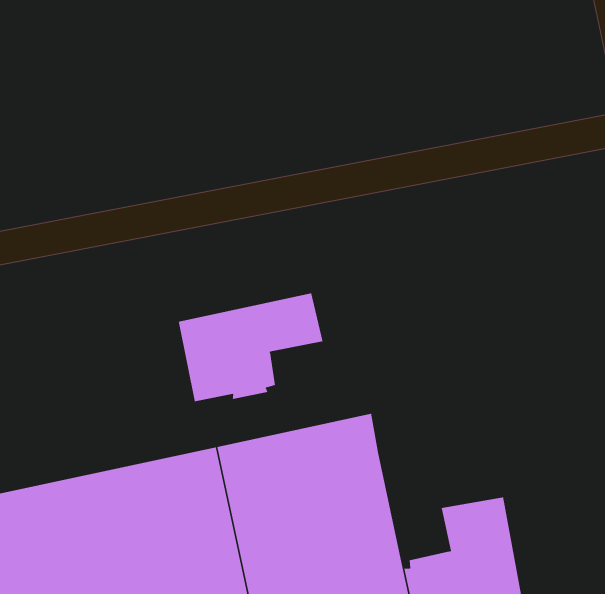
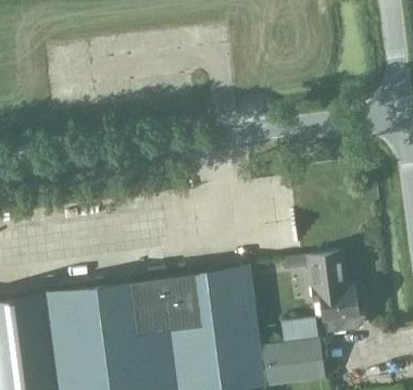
building: [178,292,323,402] -> none
building: none -> [306,250,365,334]

